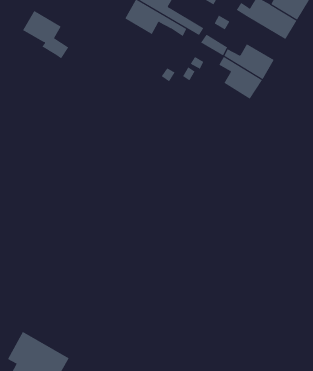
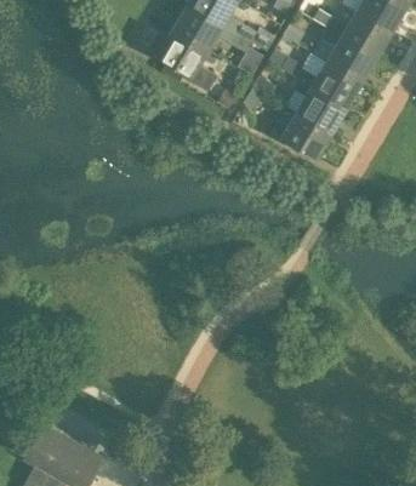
building: [22,10,69,59] -> [159,28,218,90]
building: none -> [321,25,377,80]
building: none -> [269,109,332,155]

